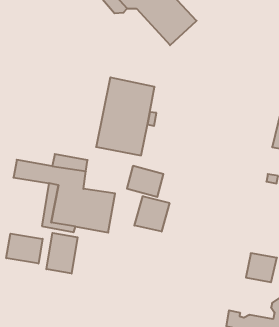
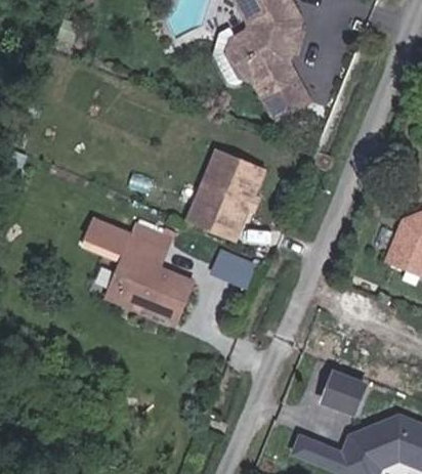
building: [134,196,169,232] -> none
building: [46,233,78,274] -> none
building: [6,234,43,264] -> none

